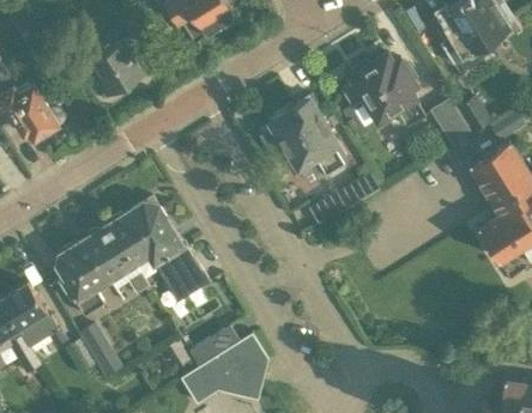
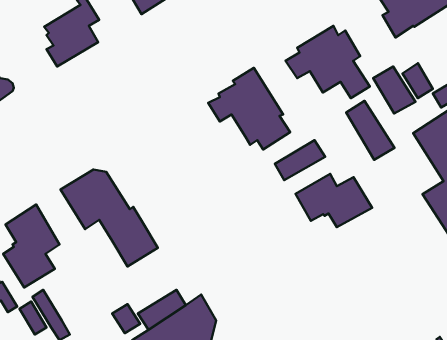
building: none -> [346,101,394,160]
building: none -> [295,174,372,227]
building: [85,221,150,294] -> none

